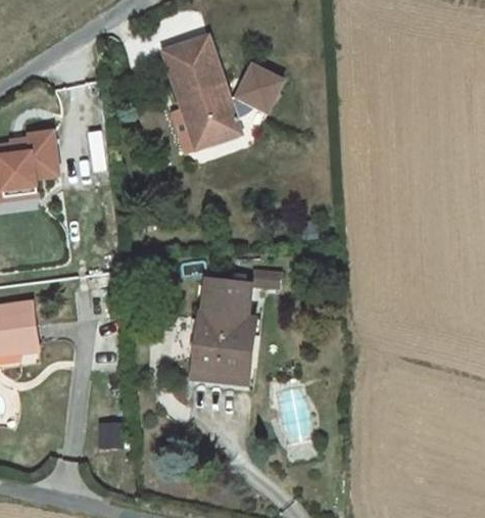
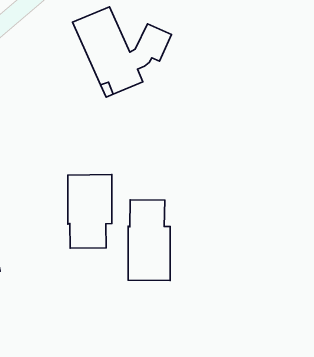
building: none -> [68,175,112,248]

